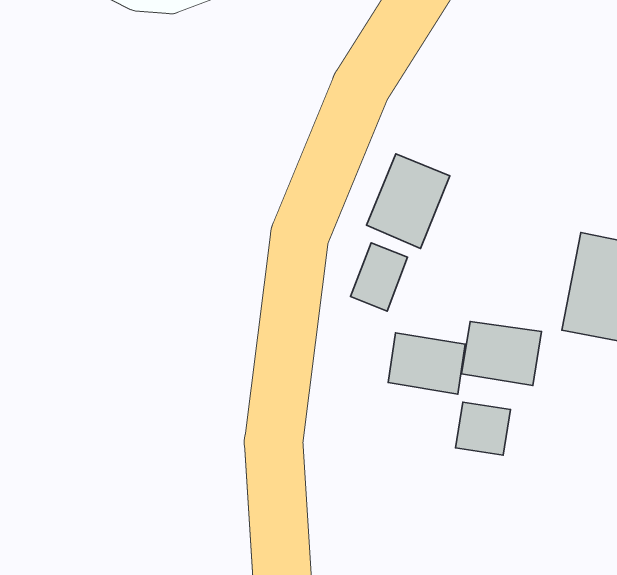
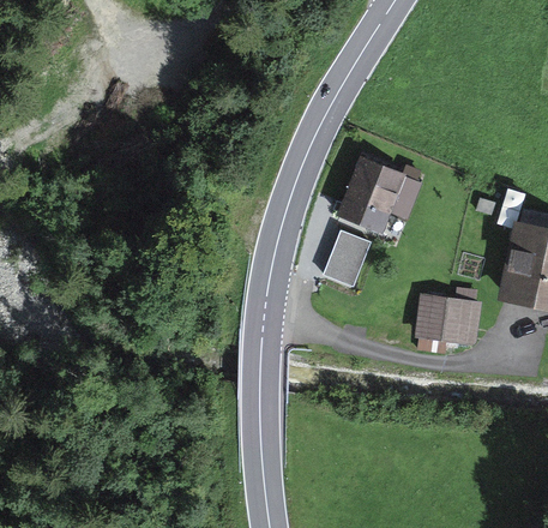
building: [388,333,465,394] -> none
building: [455,402,511,455] -> none

